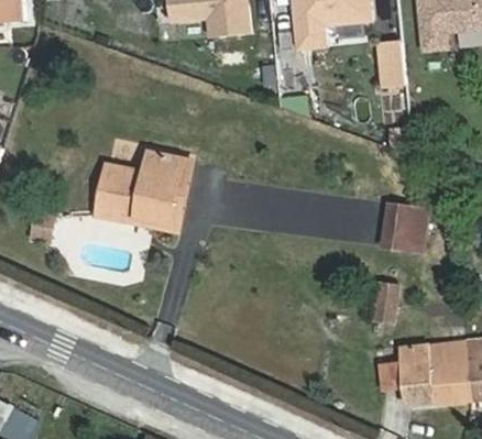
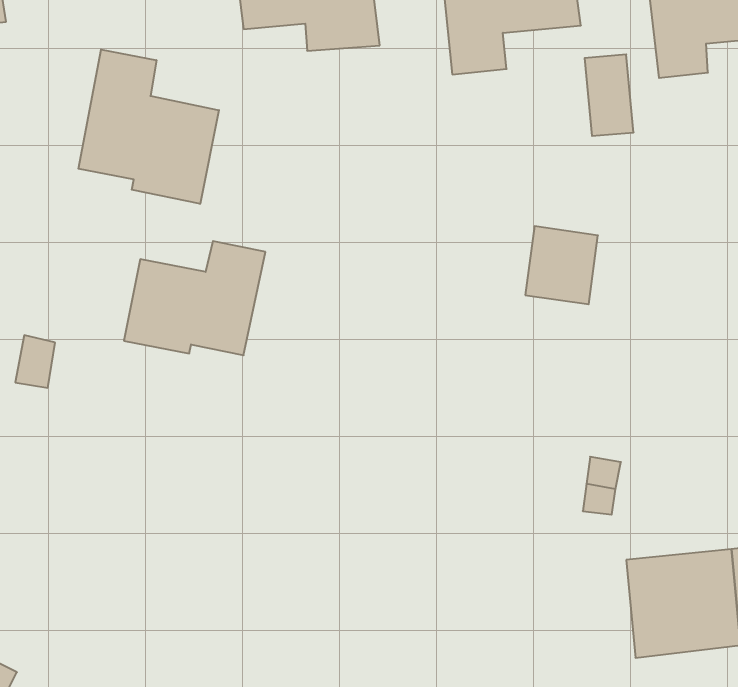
building: none -> [78,49,219,204]
building: [382,204,426,251] -> [525,226,598,304]

